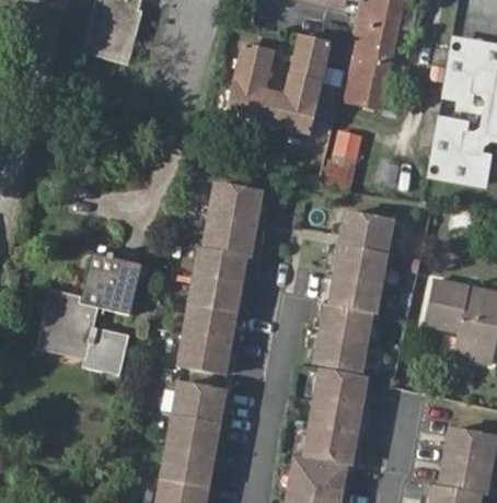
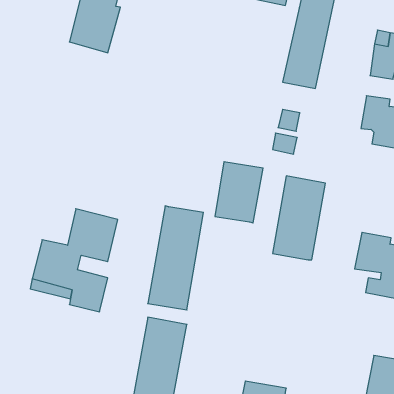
building: [227,38,330,134] -> none
building: [204,184,262,257] -> [215,162,263,223]
building: [315,304,371,370] -> none
building: [304,369,367,463] -> none

